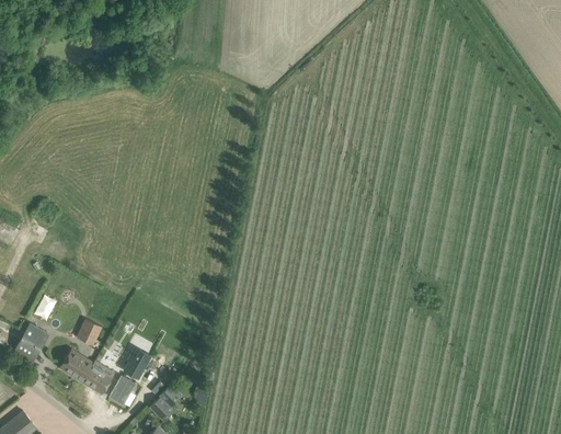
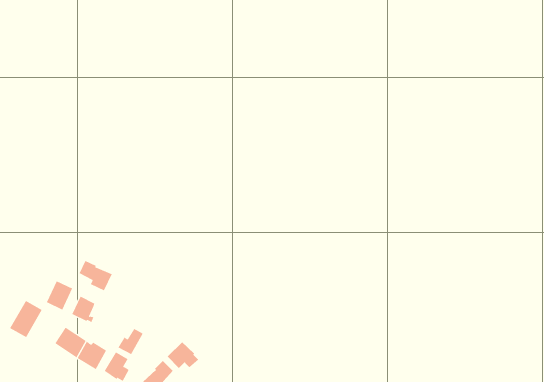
building: none -> [79,260,112,291]
building: none -> [46,280,73,310]
building: none -> [167,342,199,369]

